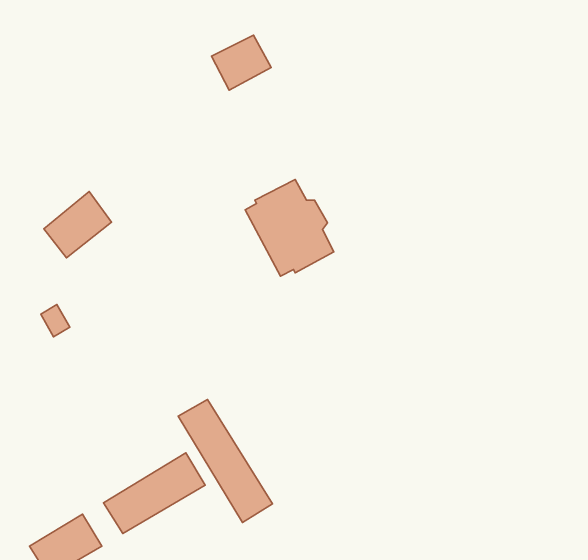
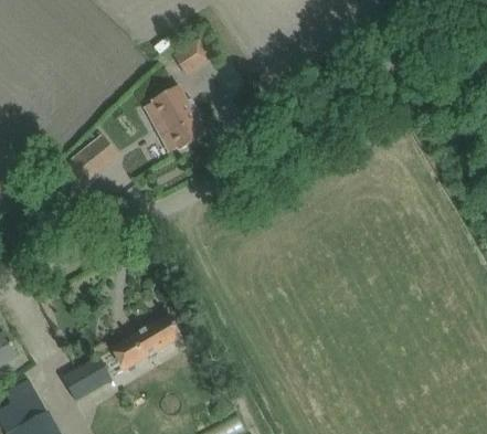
building: [245,179,334,276] -> [144,86,204,152]
building: [178,399,272,522] -> none

